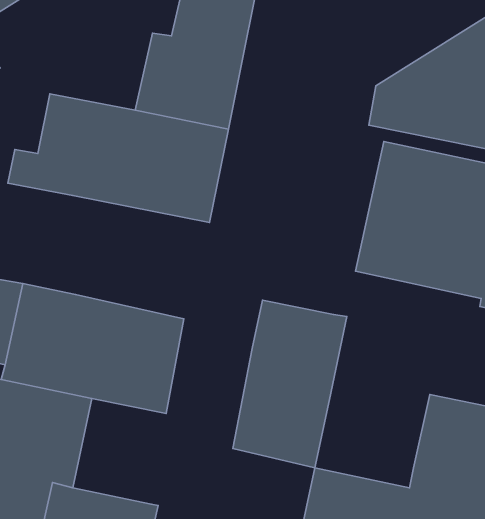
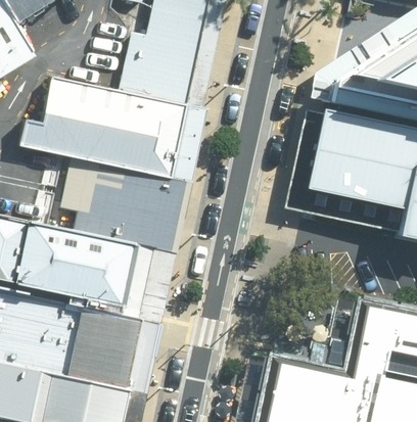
building: none -> [66,153,181,247]
building: [233,300,347,468] -> none
building: none -> [78,307,152,386]

